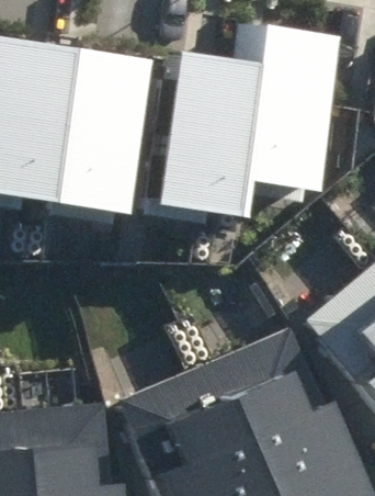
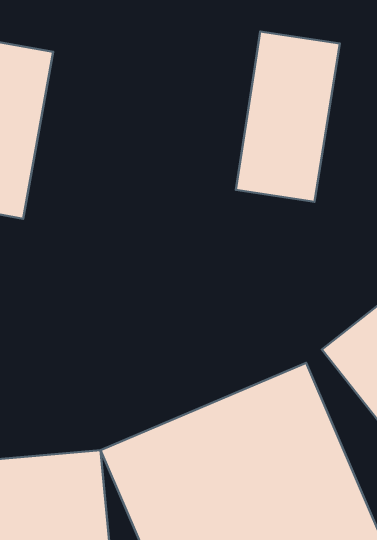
building: [41,48,143,212] -> none
building: [149,55,250,214] -> none

